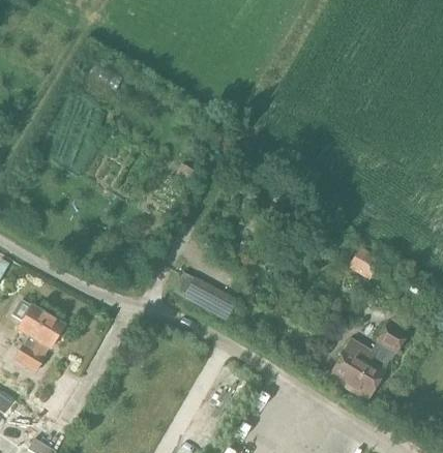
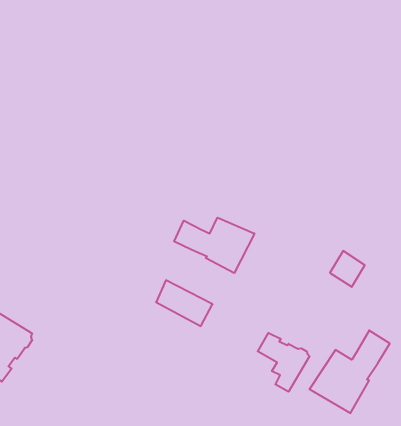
building: none -> [174,218,254,273]
building: none -> [258,333,309,392]

